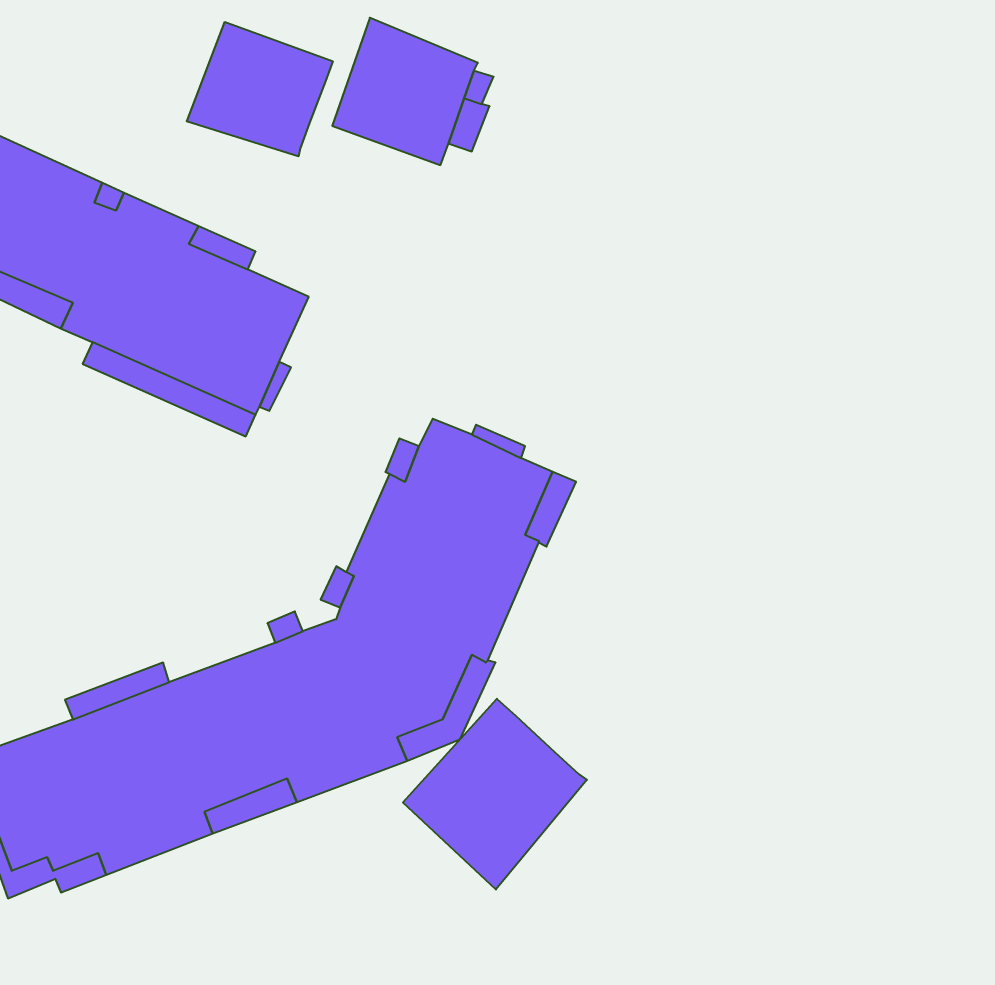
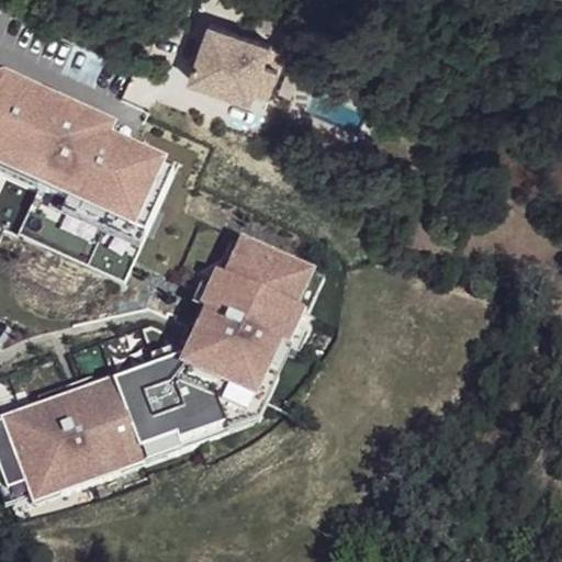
building: [187,22,333,156] -> none
building: [403,699,587,890] -> none

